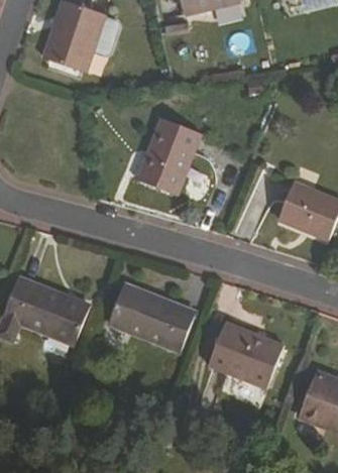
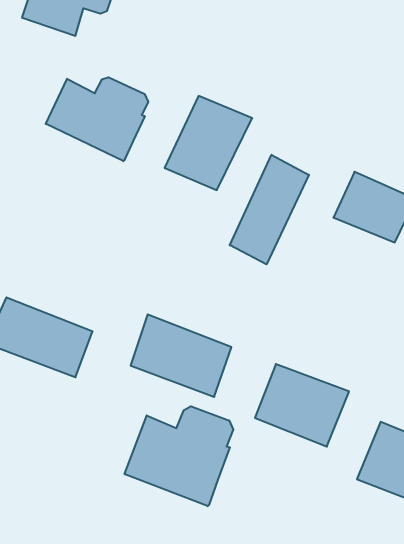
building: none -> [46,77,148,161]
building: none -> [230,155,309,264]
building: none -> [125,406,233,506]

